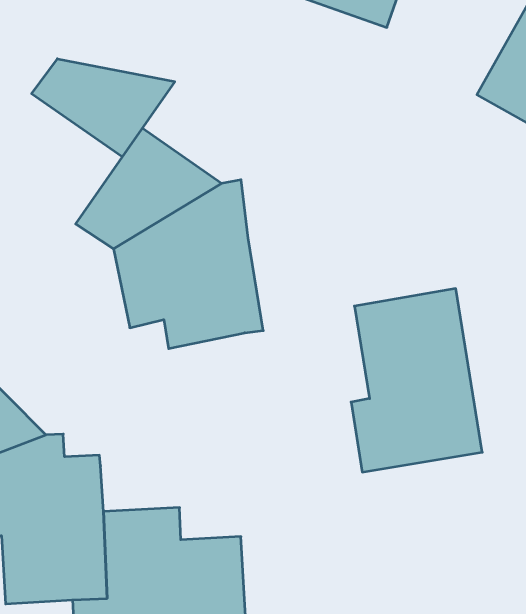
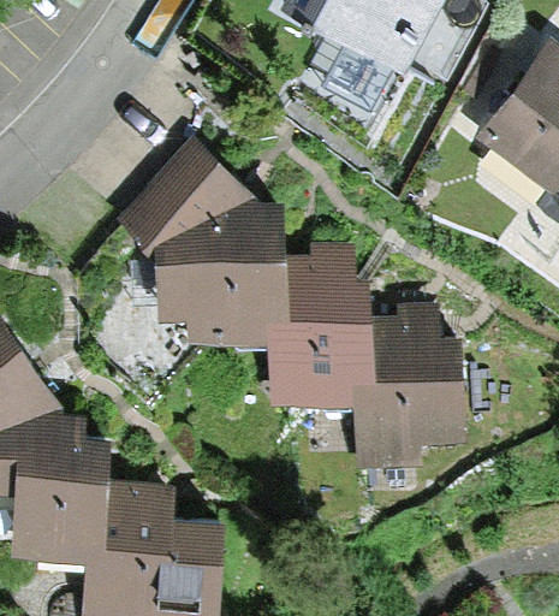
building: [32,59,175,157] -> none
building: none -> [254,247,358,410]

